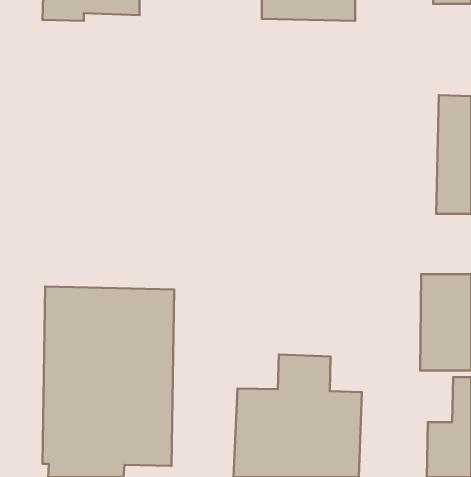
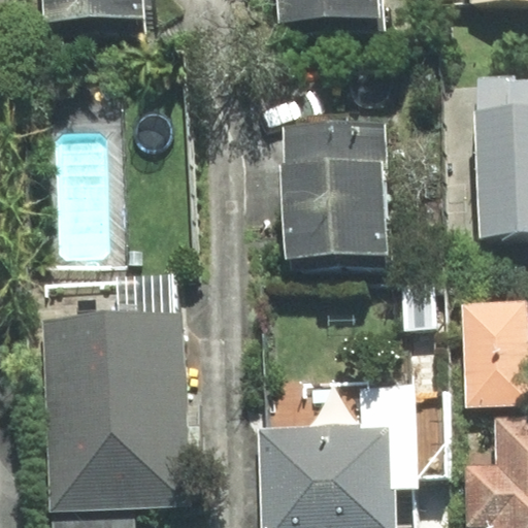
building: none -> [288,123,408,257]

